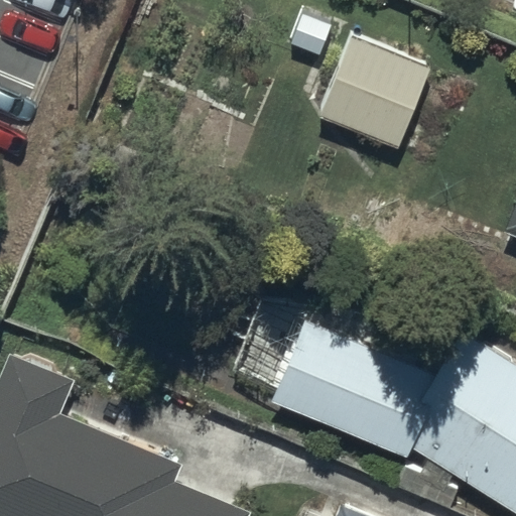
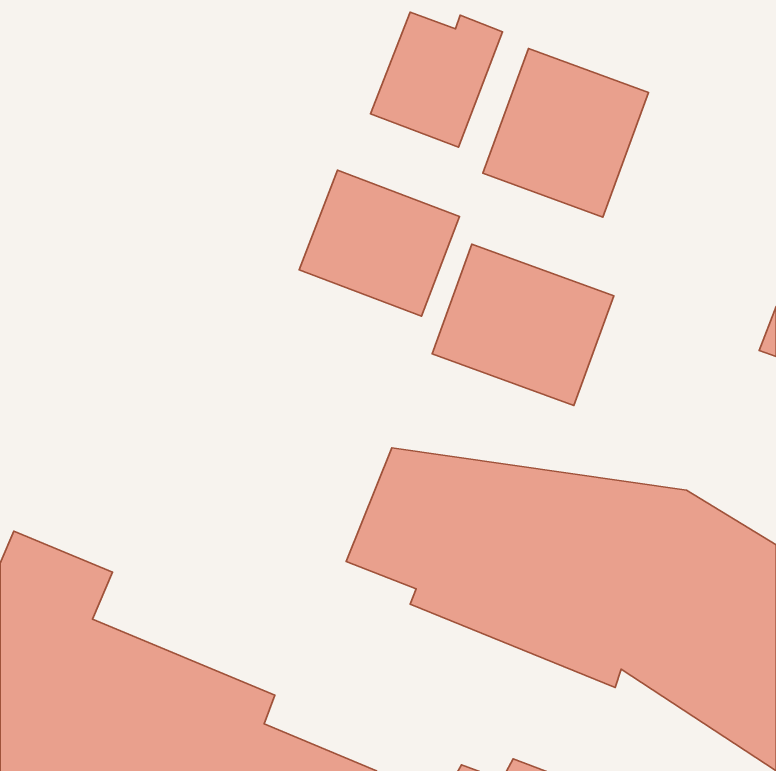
building: none -> [299,170,459,316]
building: none -> [432,244,614,406]

